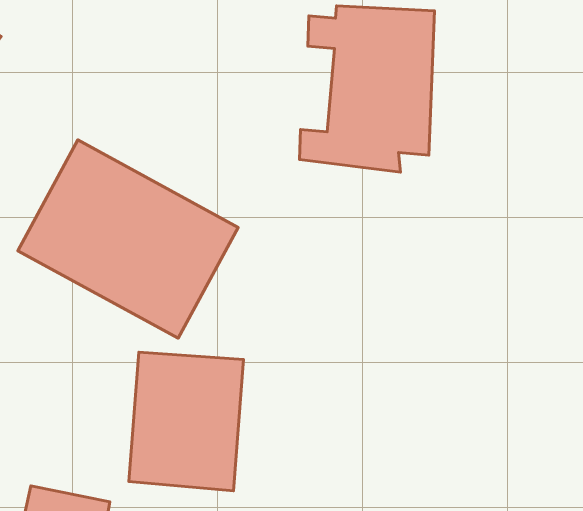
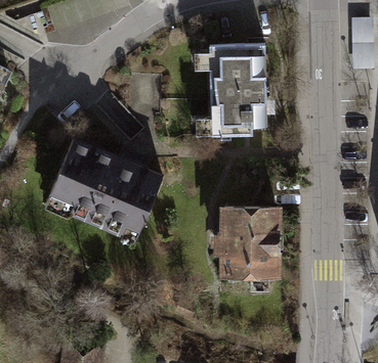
building: [129,352,244,491] -> [222,201,284,277]

